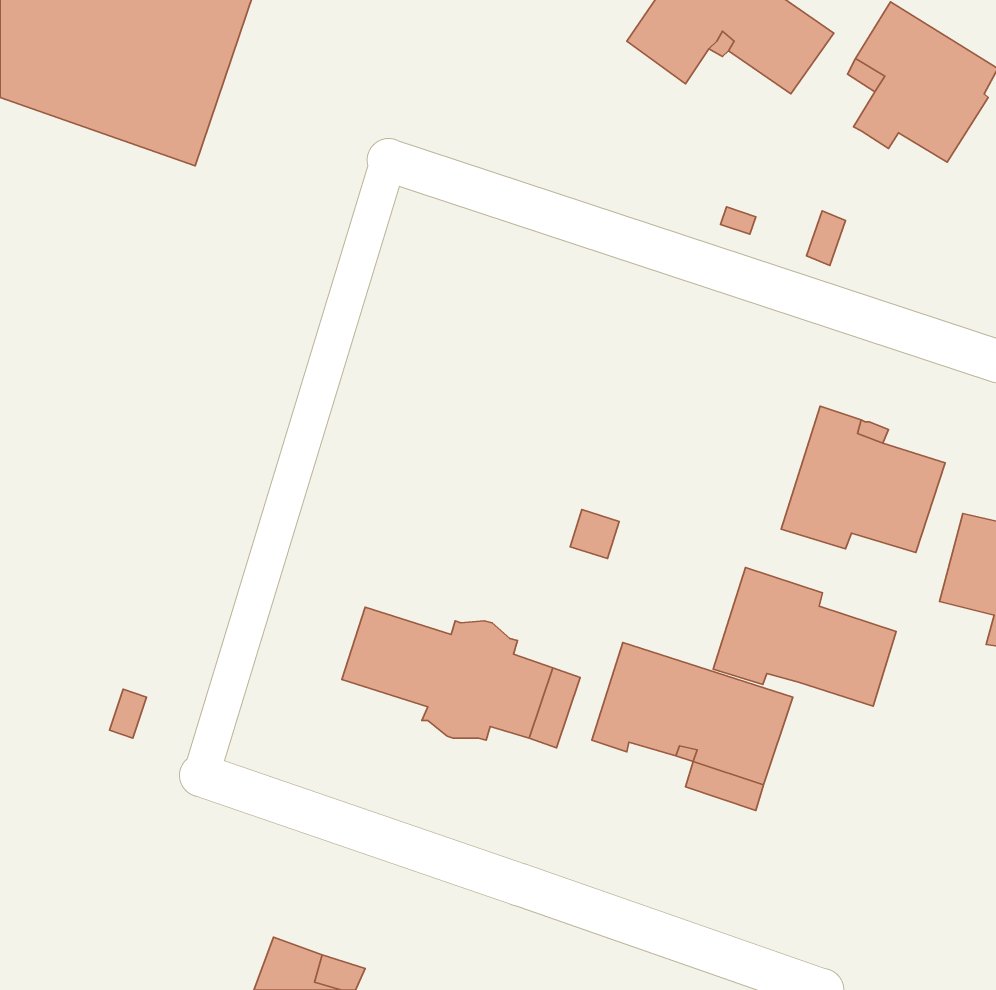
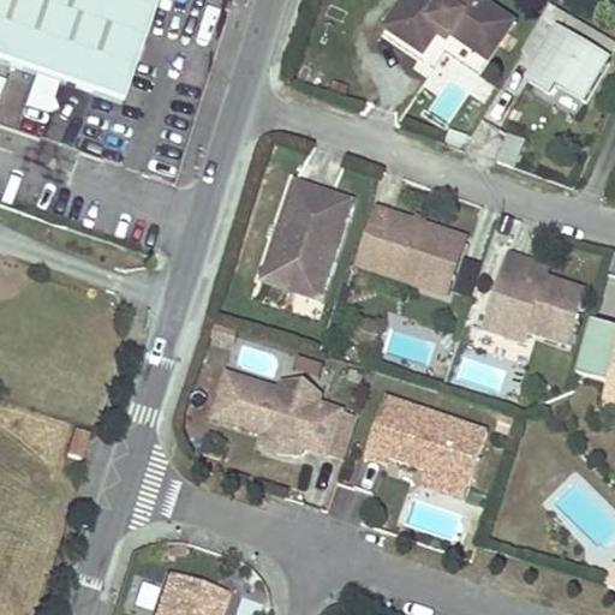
building: none -> [262,180,353,299]
building: none -> [356,207,462,293]
building: [713,568,896,706] -> none

